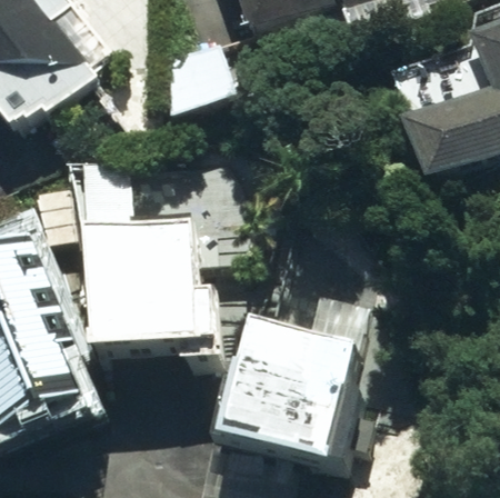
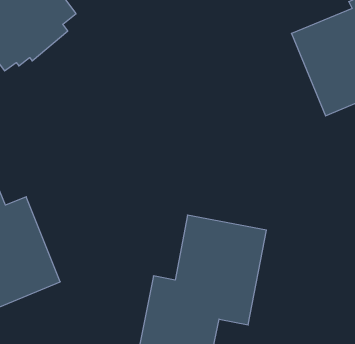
building: [82,159,204,350] -> none

